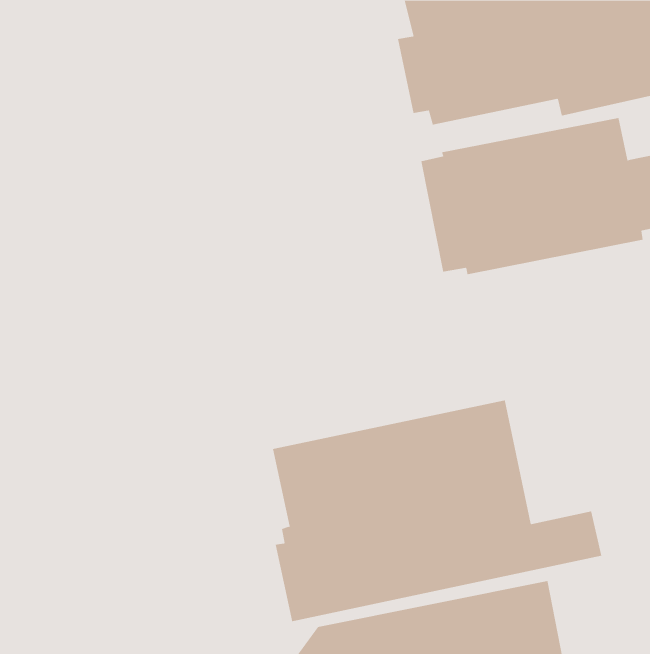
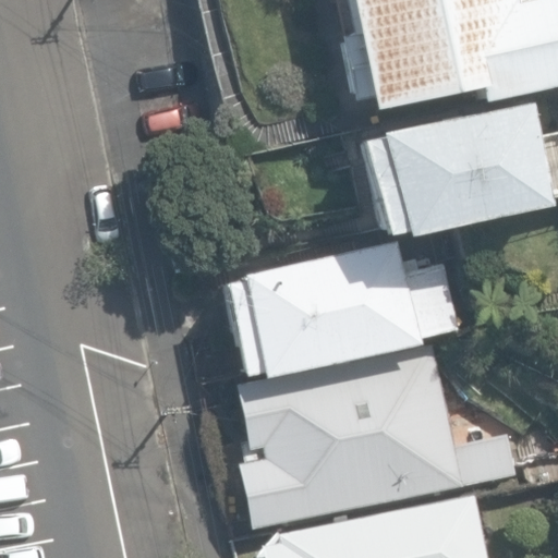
building: none -> [223,241,458,376]

